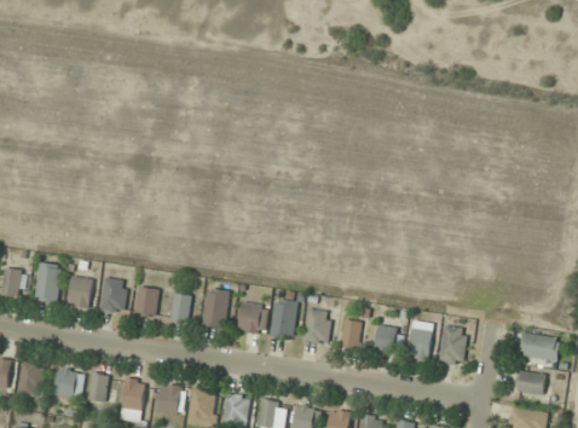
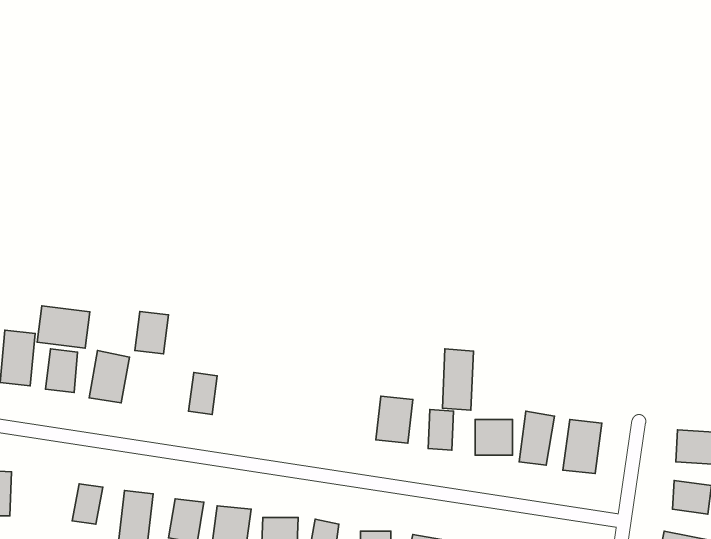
building: none -> [37,306,90,348]
building: none -> [442,349,474,410]
building: [134,287,158,317] -> [135,312,168,354]
building: [201,287,230,329] -> none
building: [270,297,297,339] -> none
building: [238,302,268,334] -> none
building: [54,369,85,398] -> none

